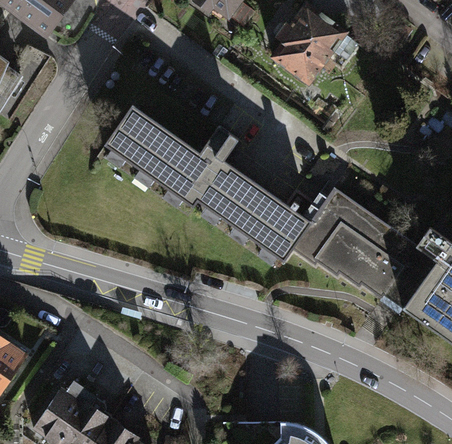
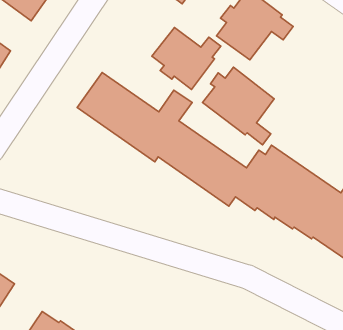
building: none -> [152,27,221,89]
building: none -> [203,67,274,145]

